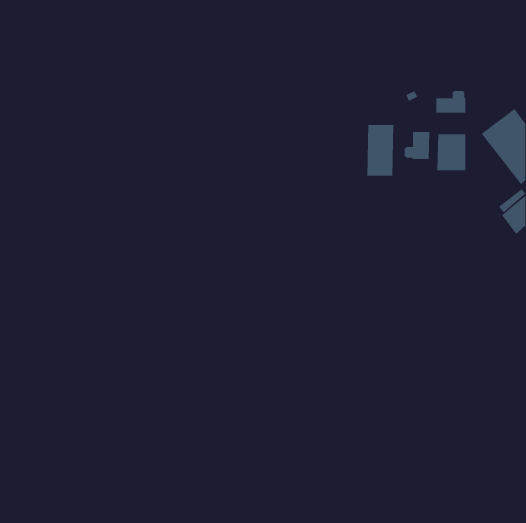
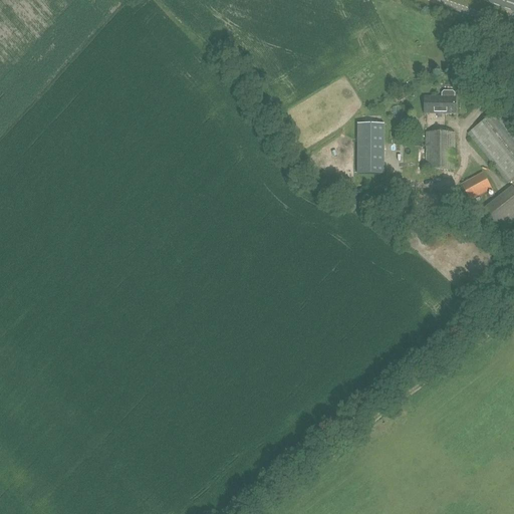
building: [404,131,430,160] -> none
building: none -> [461,171,492,199]

